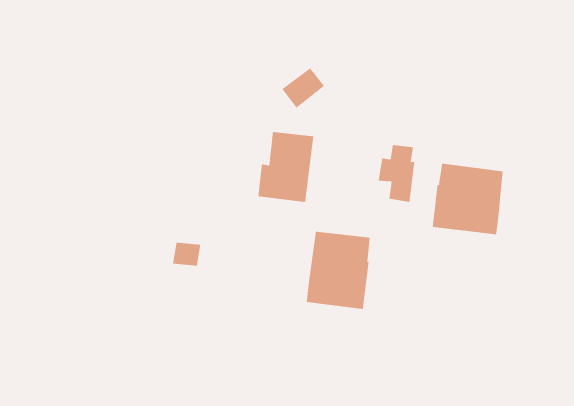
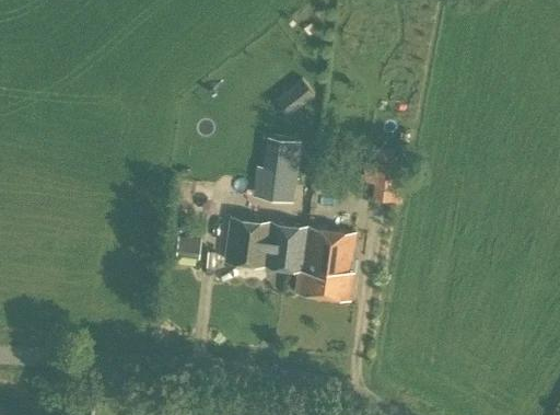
building: [432,163,503,235] -> none
building: none -> [224,219,304,275]

